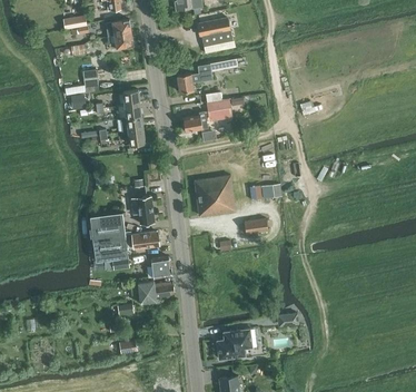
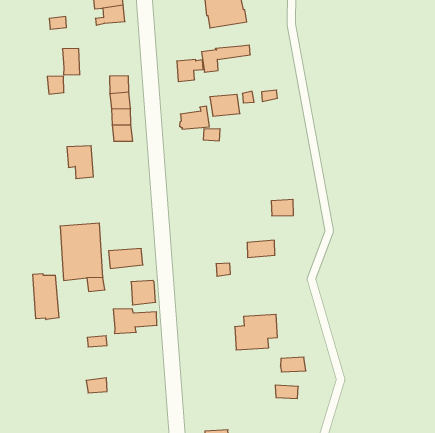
building: [194,176,235,216] -> none
building: [130,196,153,224] -> [67,146,93,179]
building: none -> [33,274,59,320]
building: [216,329,251,360] -> [235,314,277,350]

